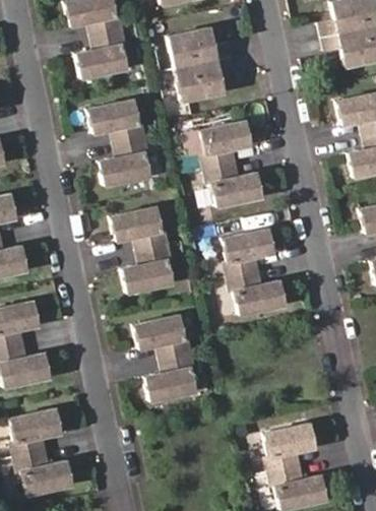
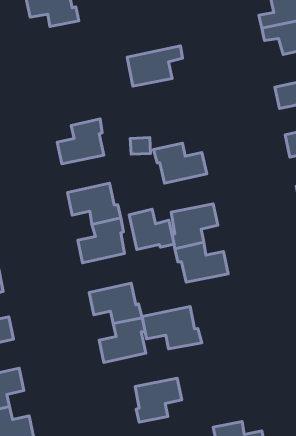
building: [168,28,233,70] -> none
building: [75,30,126,79] -> none
building: [87,101,145,144] -> none
building: [199,121,250,171] -> none
building: none -> [129,209,174,249]
building: none -> [142,306,202,349]
building: [264,425,315,472] -> [135,378,182,422]

